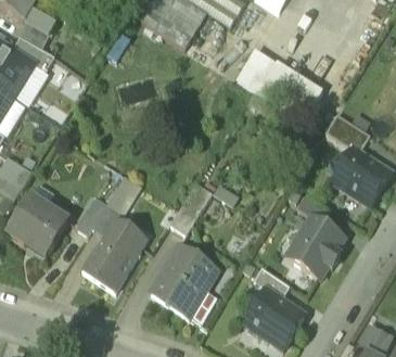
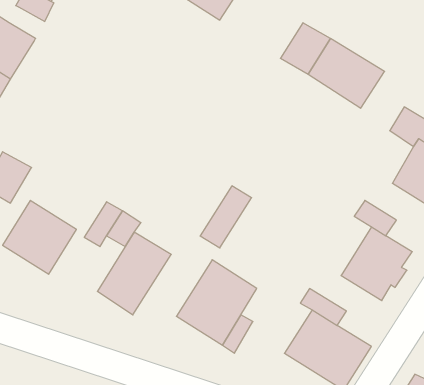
building: [13,37,54,72] -> none

